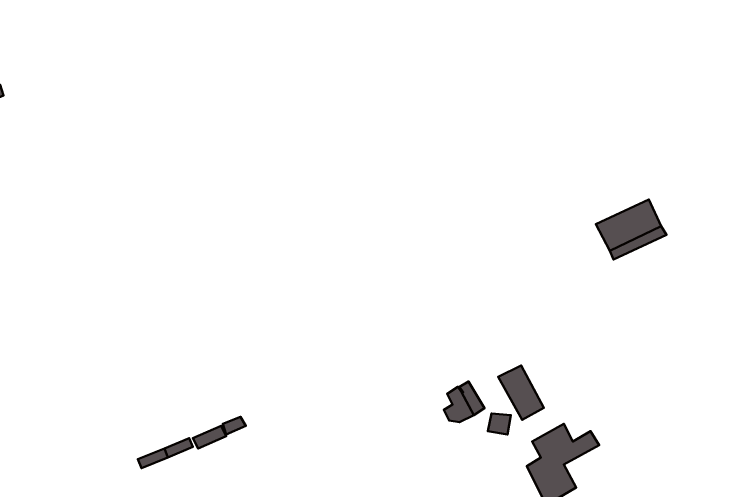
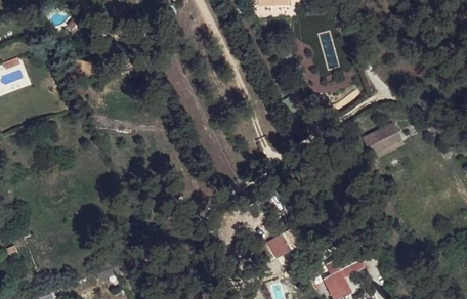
building: [498,366,544,420] -> none

